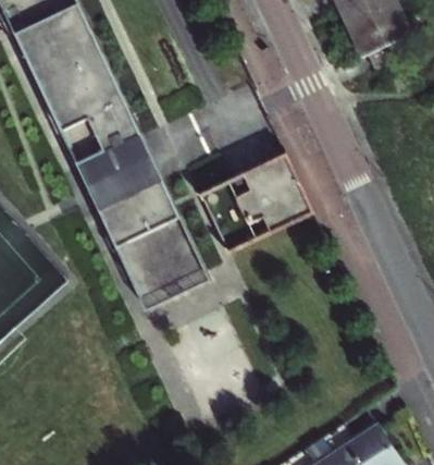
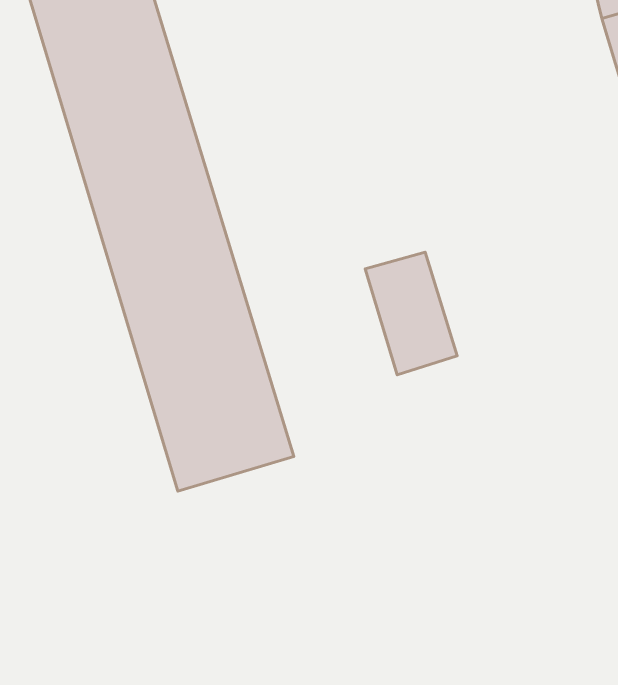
building: [264,152,314,218] -> none
building: [203,178,259,247] -> none

